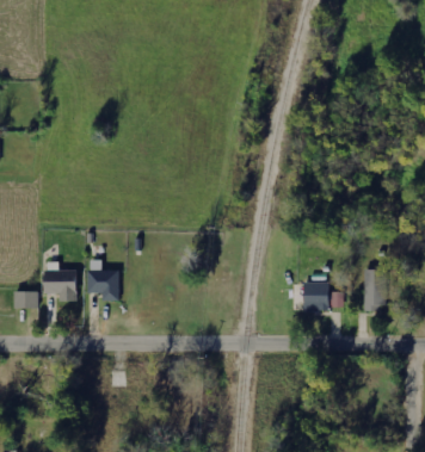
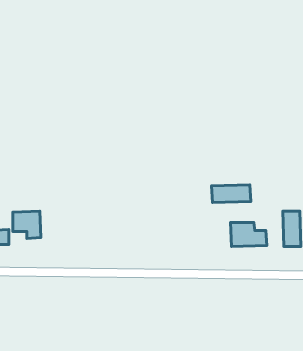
building: none -> [211,185,251,202]
building: [87,259,117,299] -> none

